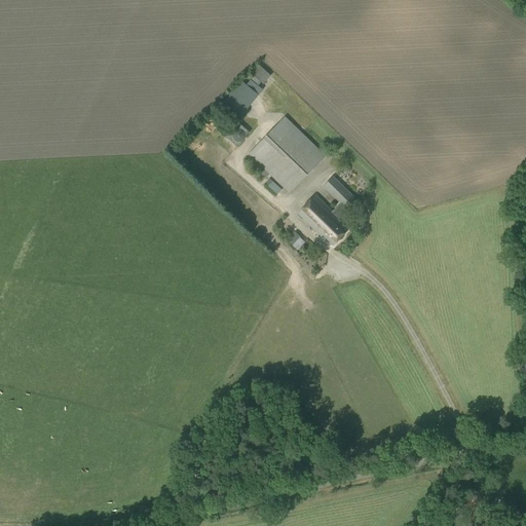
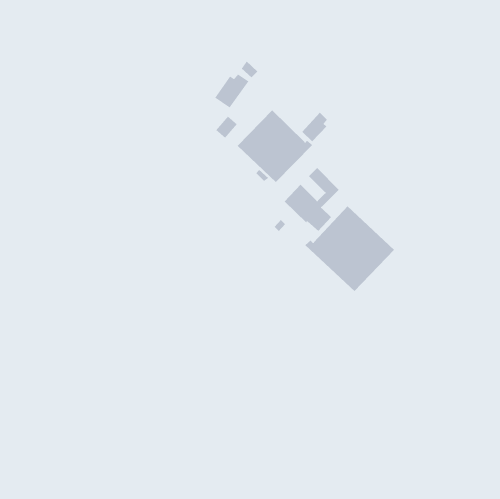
building: none -> [301,112,328,142]
building: none -> [305,205,395,292]

